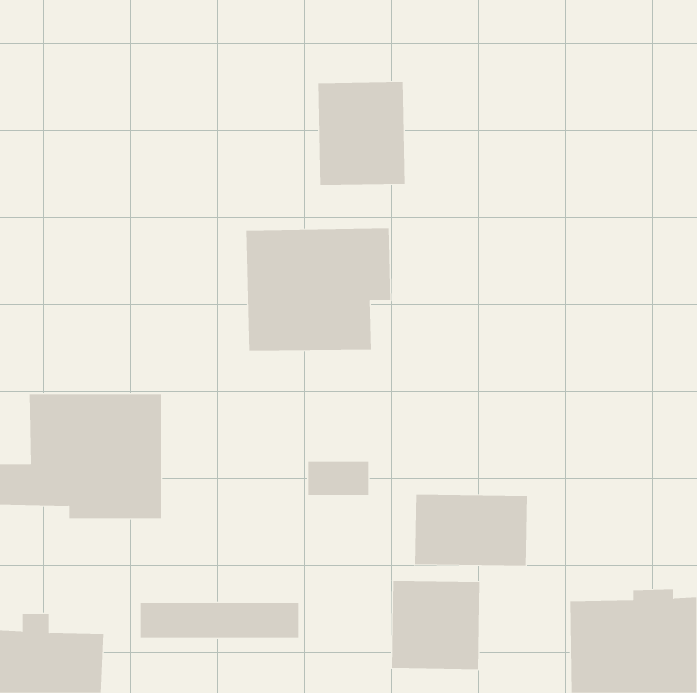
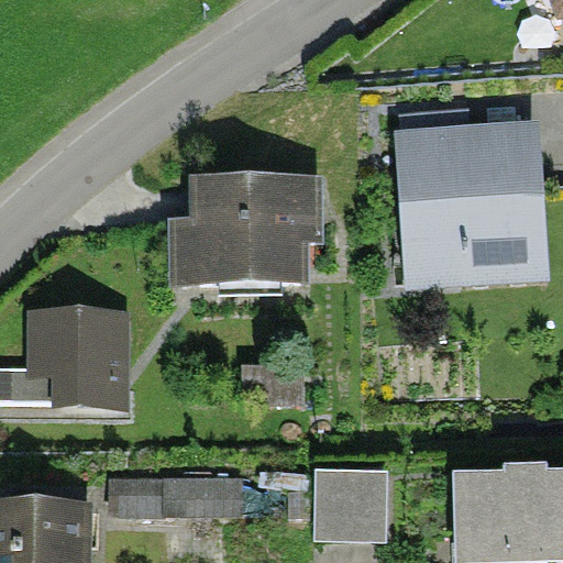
building: [318,81,405,186] -> none
building: none -> [400,134,541,277]
building: [415,494,527,567] -> none

